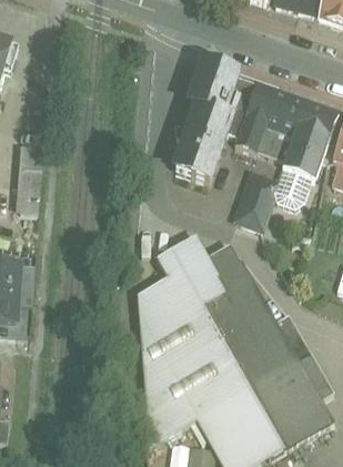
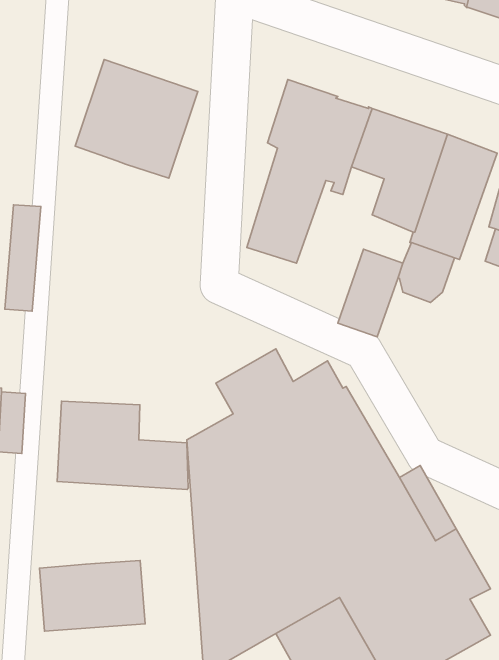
building: none -> [75,60,198,178]
building: [235,118,265,151] -> none
building: none -> [57,401,188,490]
building: none -> [40,561,145,631]

